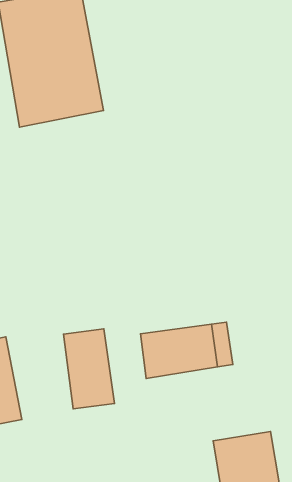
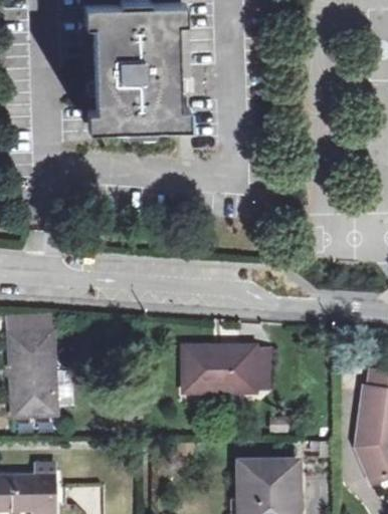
building: [64,329,114,409] -> none

